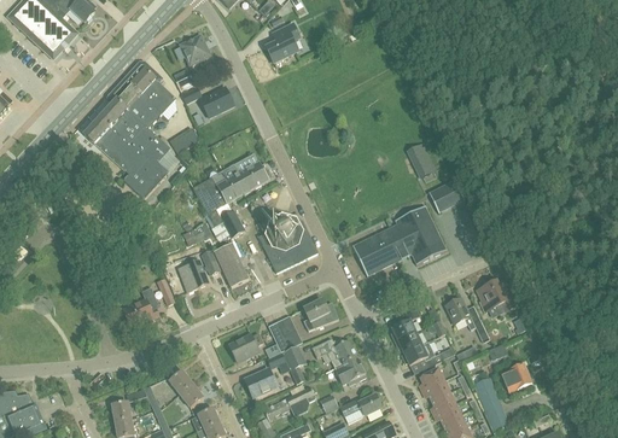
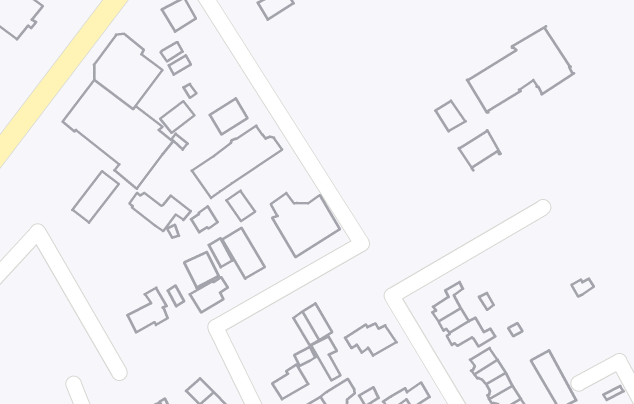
building: [200,87,233,117] -> [210,98,247,134]
building: none -> [72,171,119,223]
building: none -> [130,193,191,231]
building: [351,205,445,275] -> [467,26,574,112]
building: [477,280,518,310] -> none
building: [444,297,490,341] -> none
building: [303,299,338,329] -> none
building: [228,332,262,361] -> [190,277,228,312]
building: [334,356,365,385] -> none
building: [500,363,531,391] -> none

